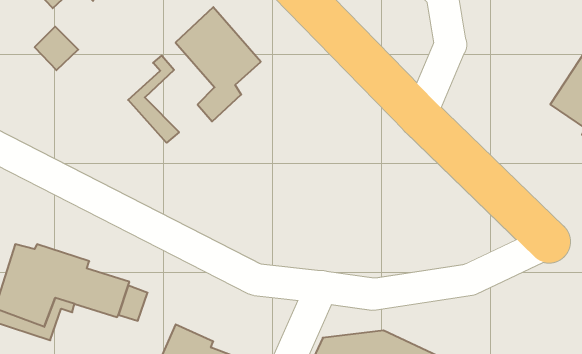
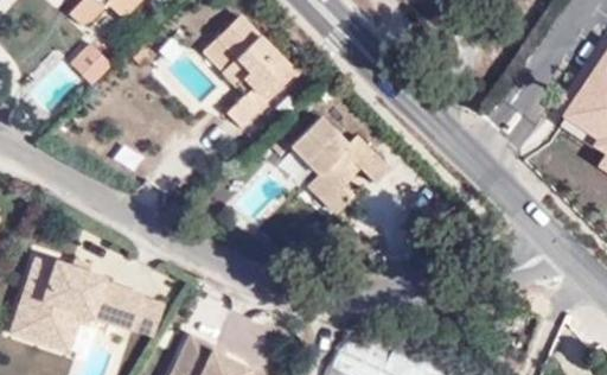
building: [128,56,179,143] -> none
building: none -> [286,123,382,218]

